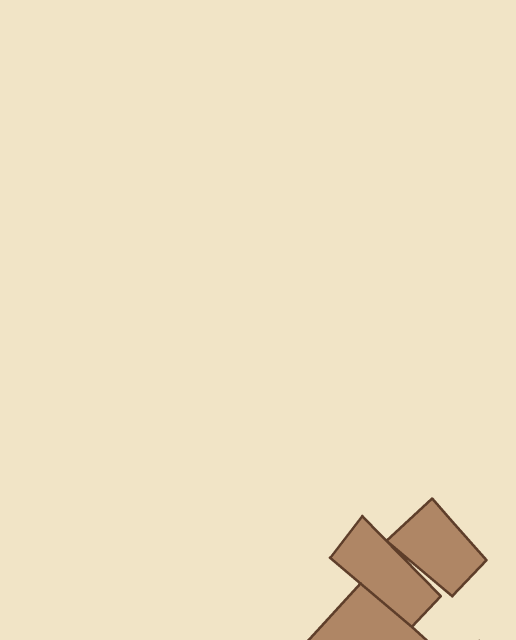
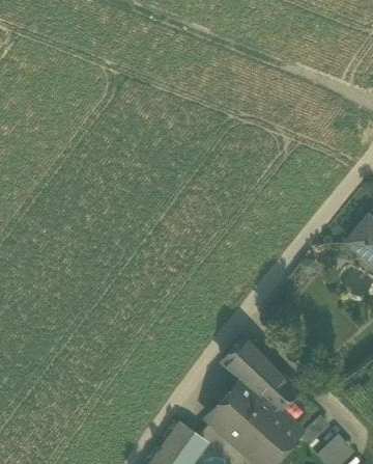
building: [386,499,486,596] -> none

